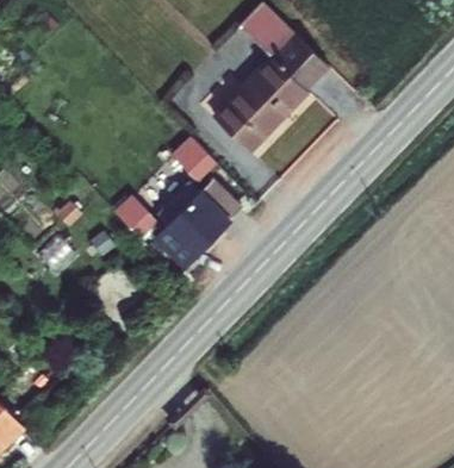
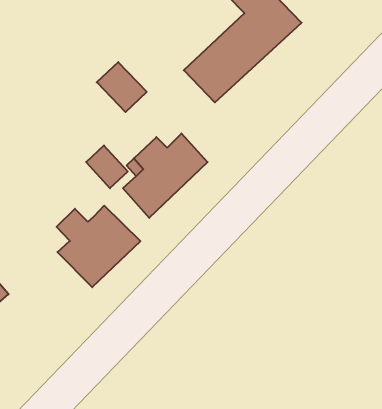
building: [172,137,222,187] -> [97,62,147,112]
building: none -> [57,206,140,287]

